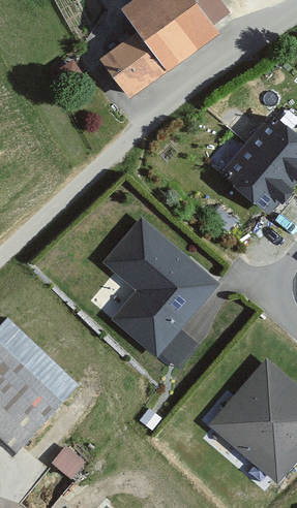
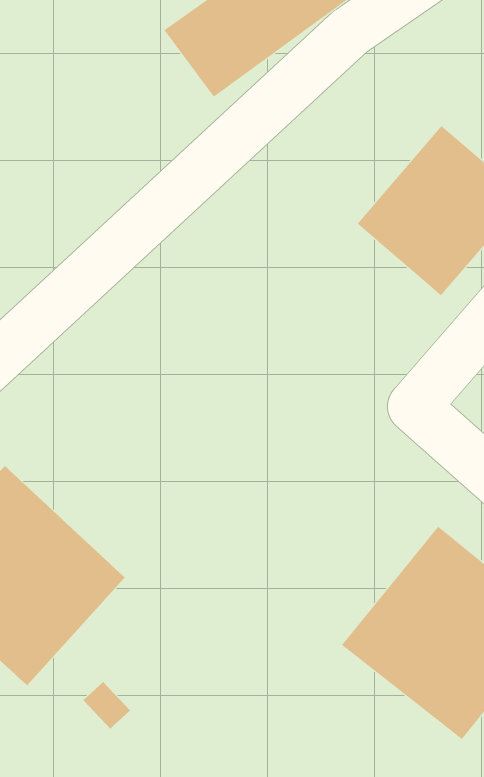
building: [101,220,214,378] -> none

